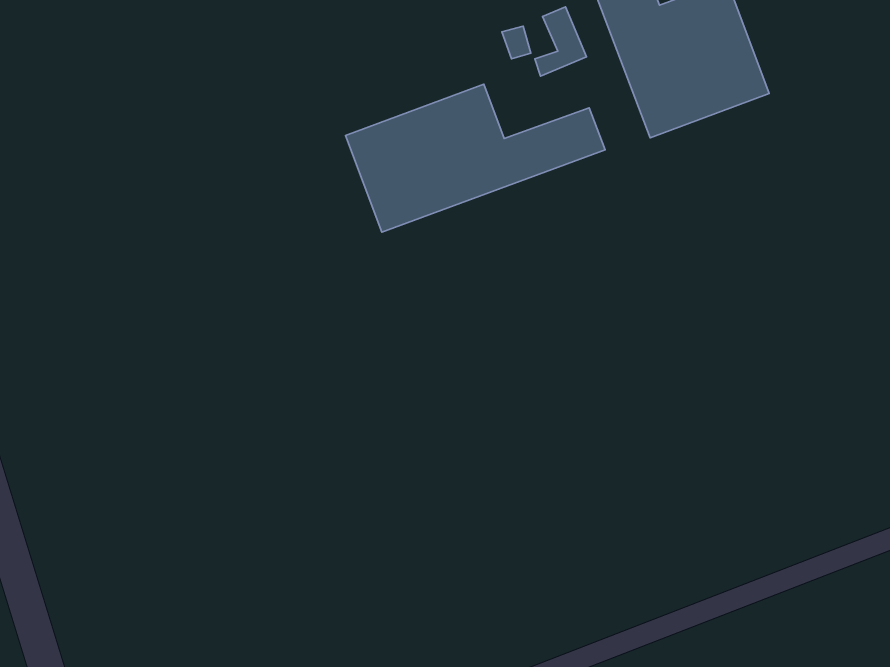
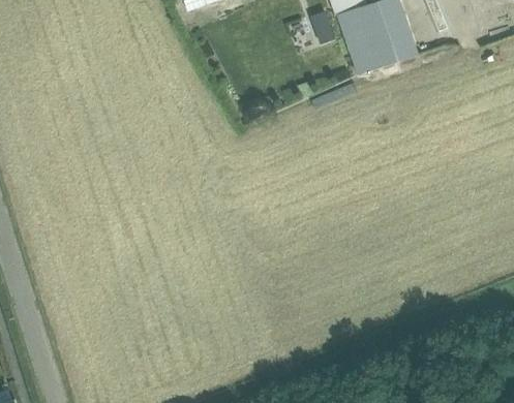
building: [345,84,605,232] -> none

